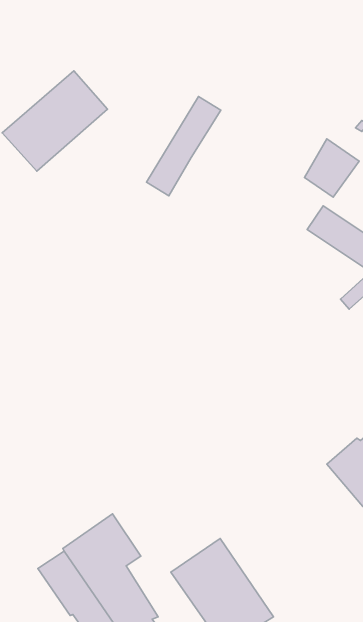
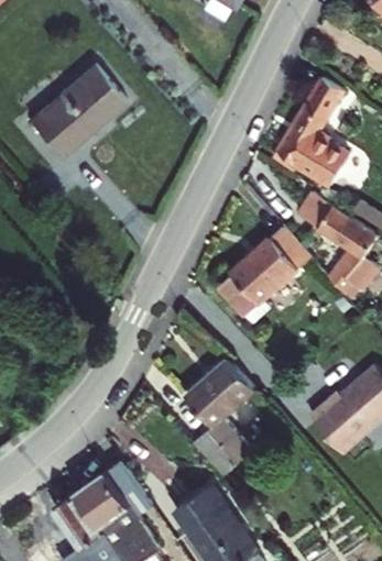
building: [146,97,221,196] -> [274,78,340,166]
building: none -> [218,222,310,321]
building: none -> [186,356,264,476]

